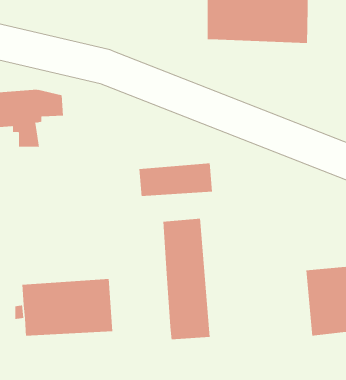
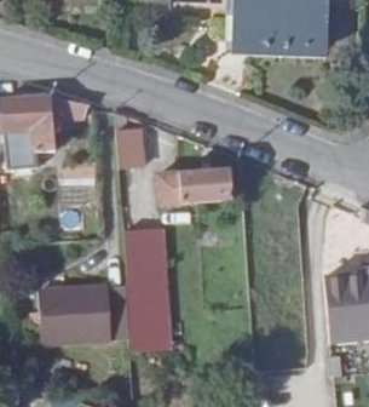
building: none -> [115,111,145,170]
building: [162,218,210,340] -> [123,229,172,351]

